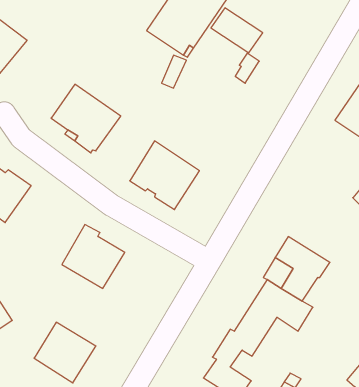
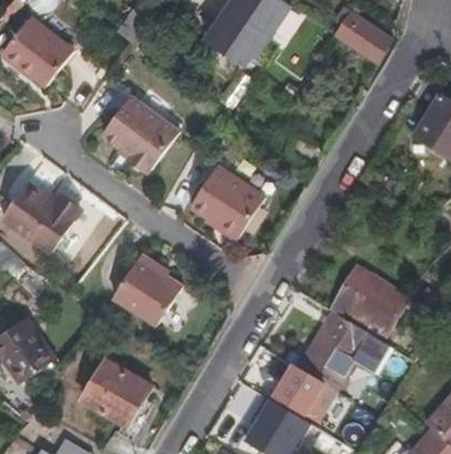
building: [211,8,263,53] -> [336,11,393,60]

